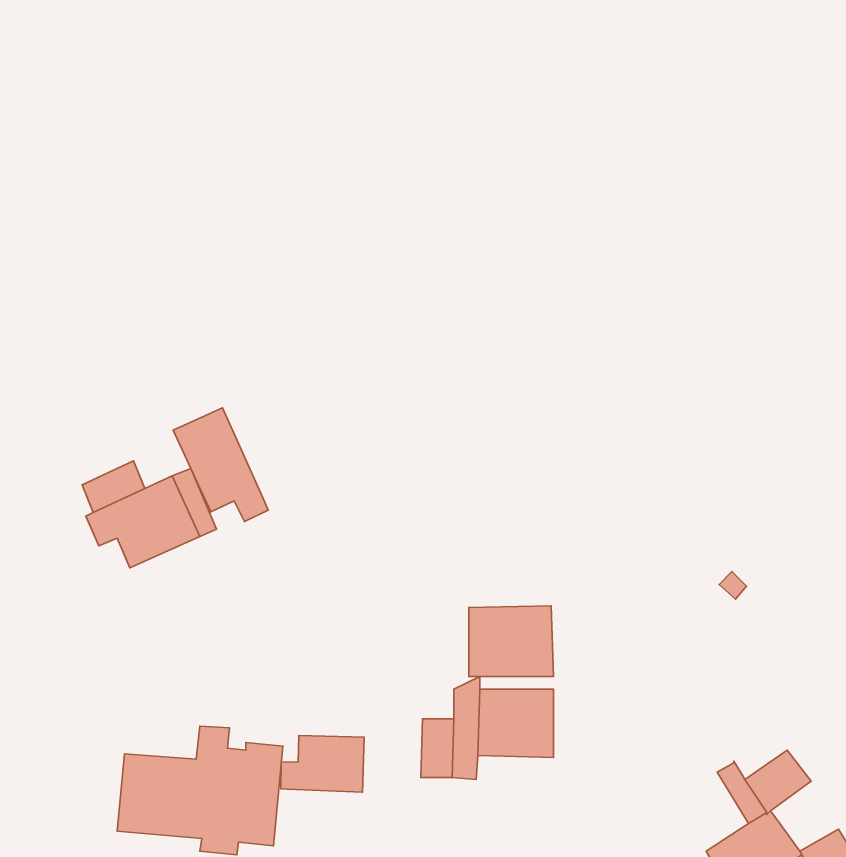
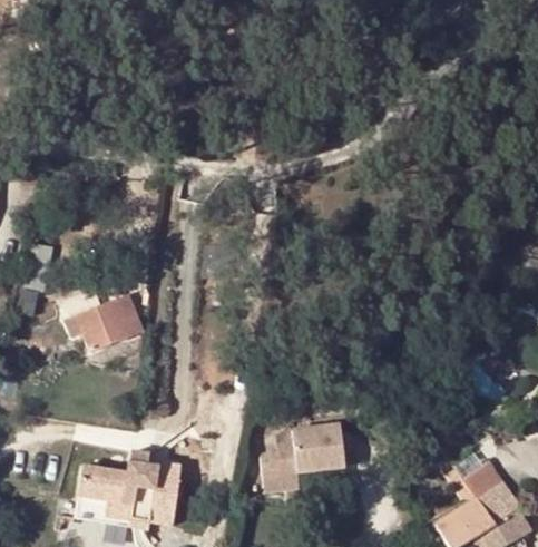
building: [173,408,268,522] -> none
building: [469,606,553,676] -> none
building: [281,735,364,792] -> none

